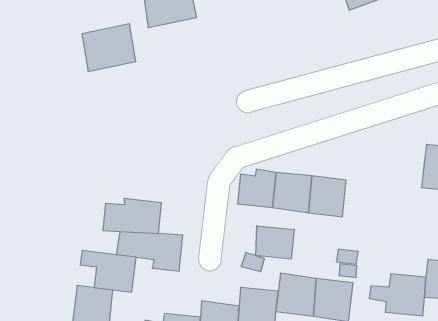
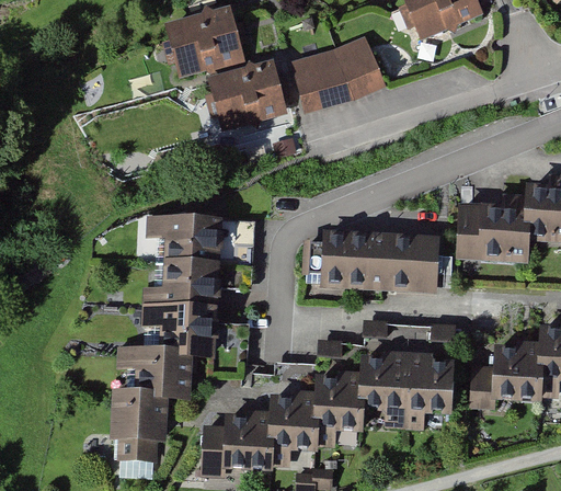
building: none -> [297,49,382,103]
building: [82,24,136,72] -> [215,64,283,125]
building: none -> [150,216,249,285]
building: none -> [456,208,528,262]
building: [256,226,294,259] -> none

